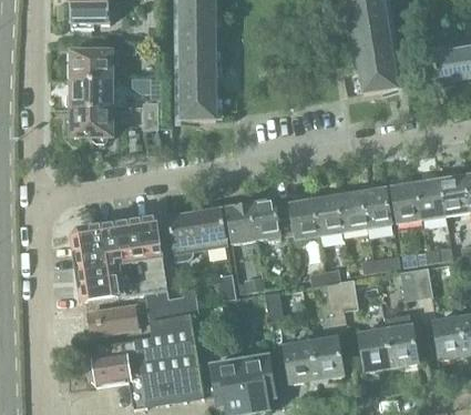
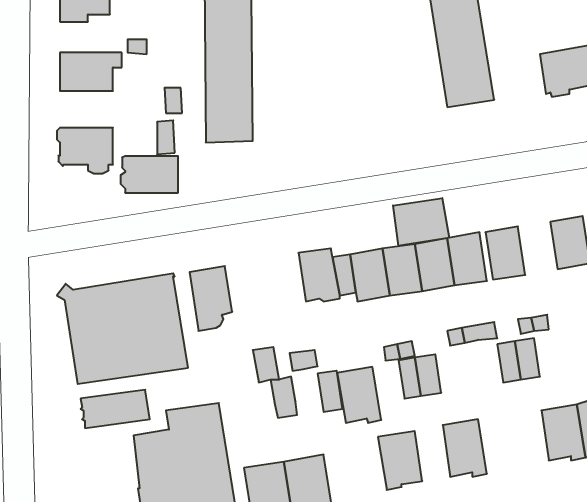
building: [68,80,111,108] -> [121,156,178,193]
building: none -> [393,198,449,246]
building: [416,179,446,219] -> none
building: [226,201,256,242] -> none
building: [195,208,227,246] -> none
building: [146,287,198,321] -> none
building: [383,312,419,368] -> none
building: [90,340,131,384] -> none
building: [284,341,317,383] -> [337,367,381,423]

